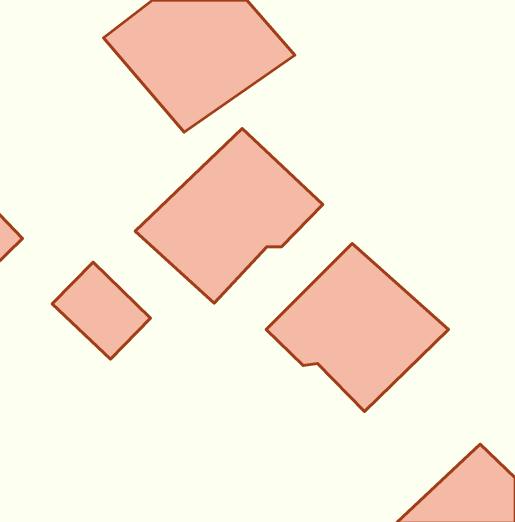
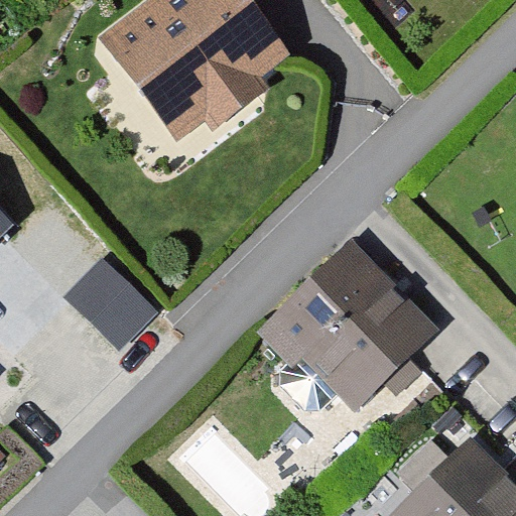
building: [135,129,323,303] -> none

